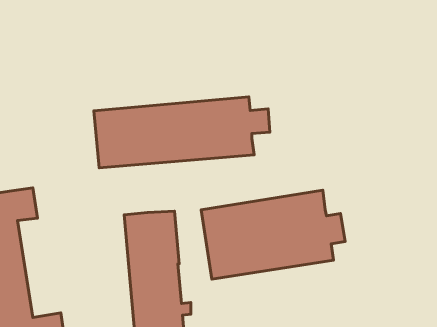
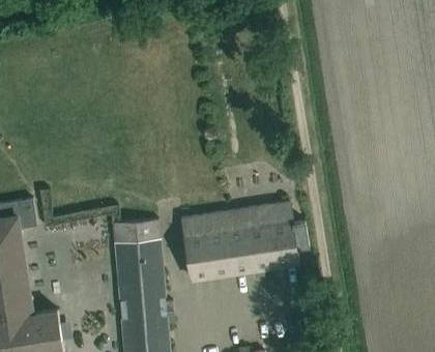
building: [94,97,270,168] -> none

